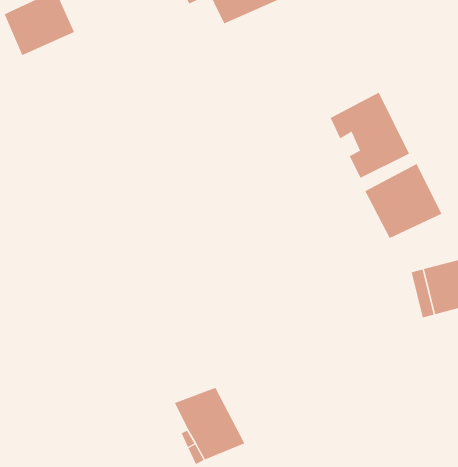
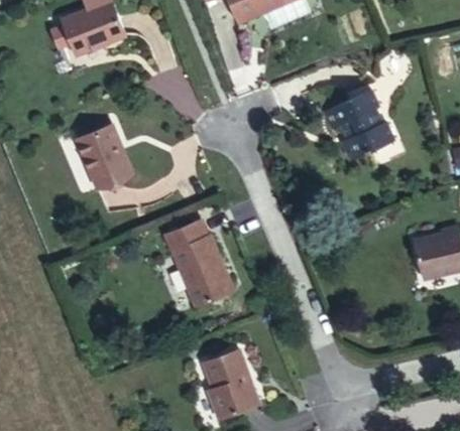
building: none -> [81,131,135,192]
building: [365,163,442,239] -> none
building: none -> [164,217,239,306]

